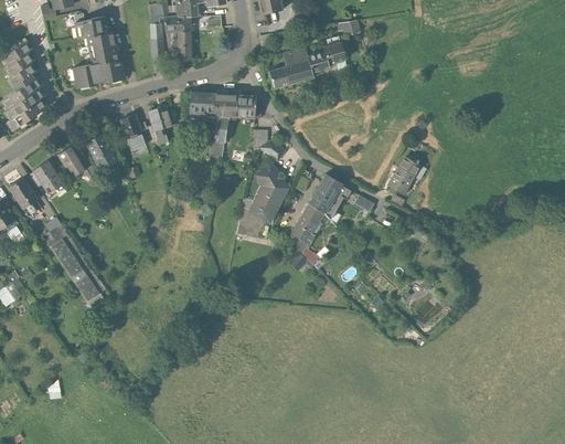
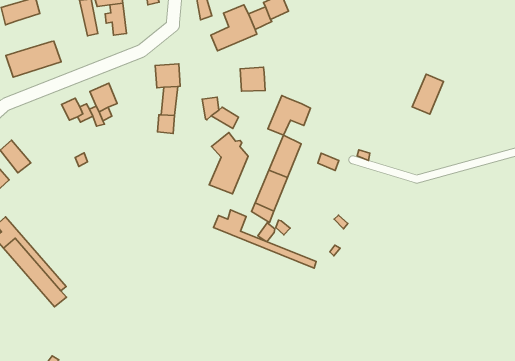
building: [88,32,119,64] -> none
building: [191,93,213,115] -> none
building: [234,95,257,118] -> [240,67,265,91]
building: [88,134,118,168] -> none
building: none -> [268,96,311,135]
building: [387,157,419,194] -> [412,74,444,114]
building: none -> [214,210,316,268]

